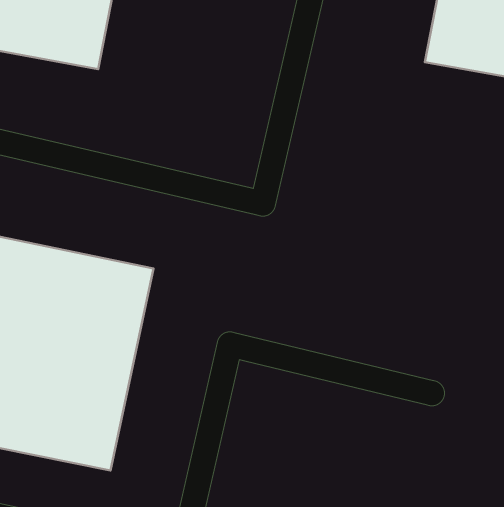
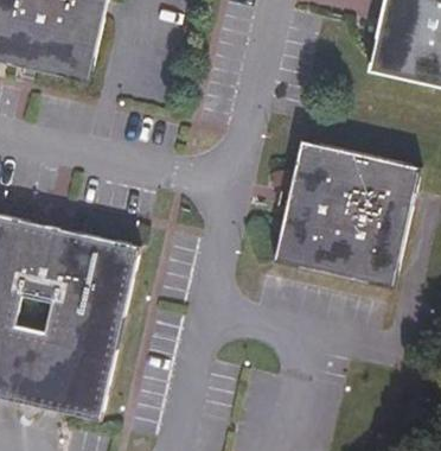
building: none -> [274,144,417,285]

